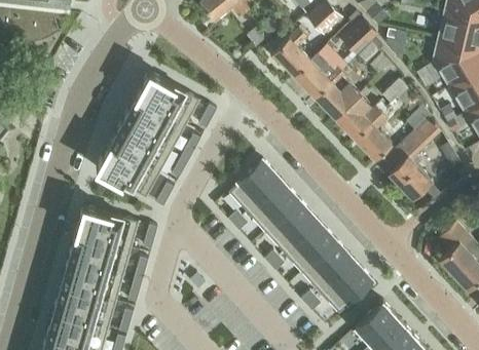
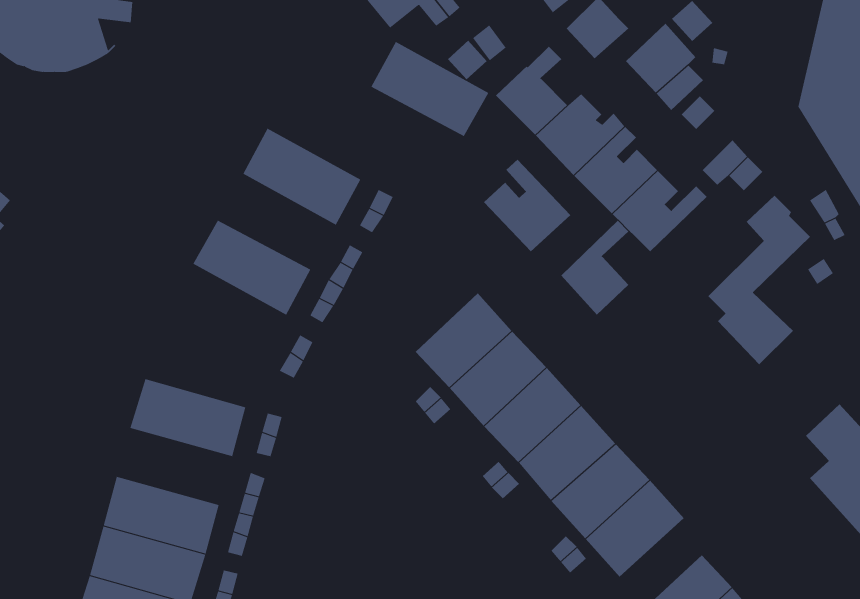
building: none -> [483,159,571,252]
building: [122,96,186,148] -> [370,41,489,137]
building: [355,109,392,160] -> [560,220,629,316]
building: [96,145,159,197] -> none
building: [68,233,131,274] -> none

